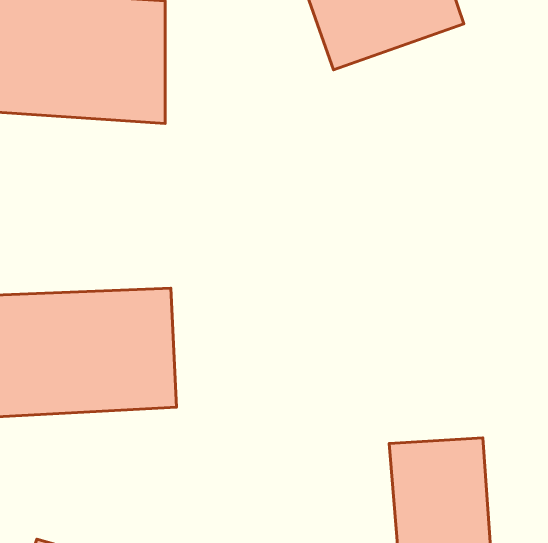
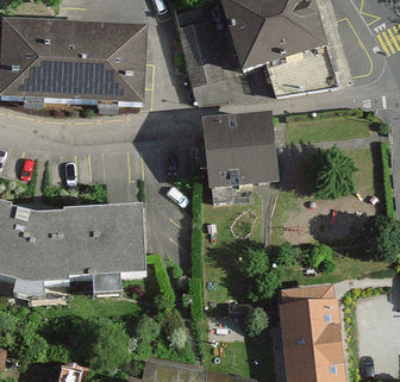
building: none -> [204,115,279,187]

